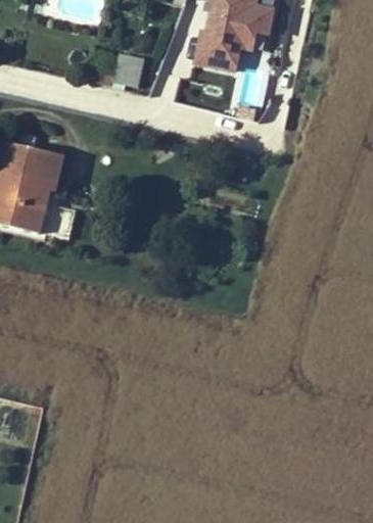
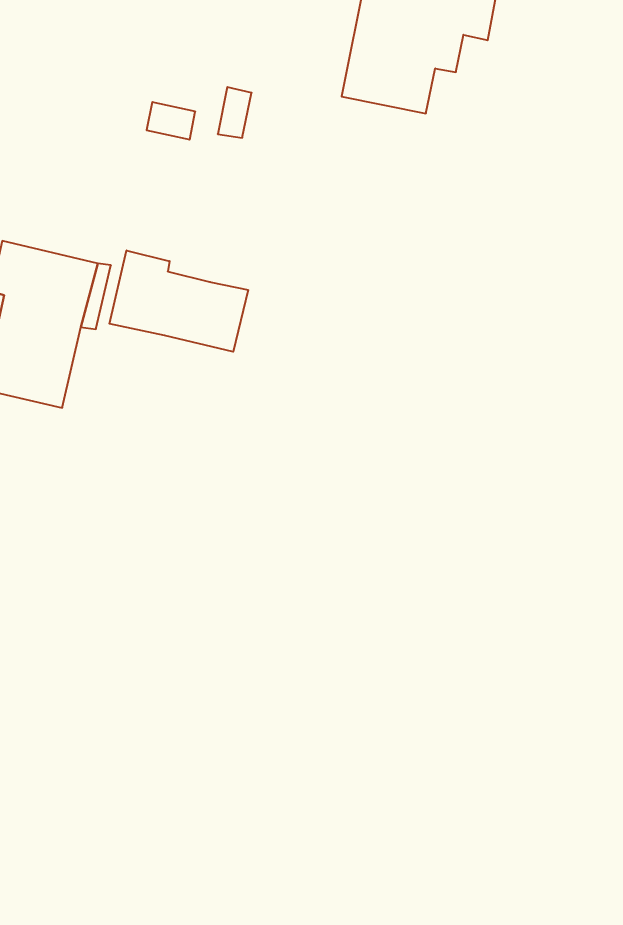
building: none -> [109,250,248,352]

